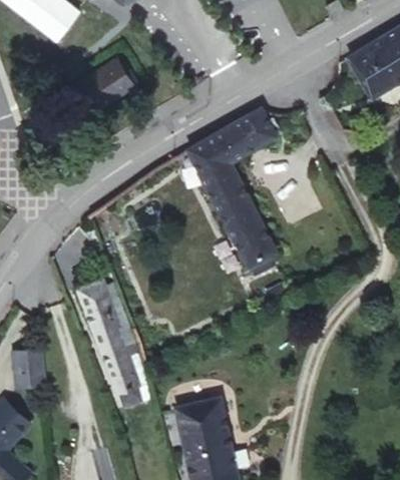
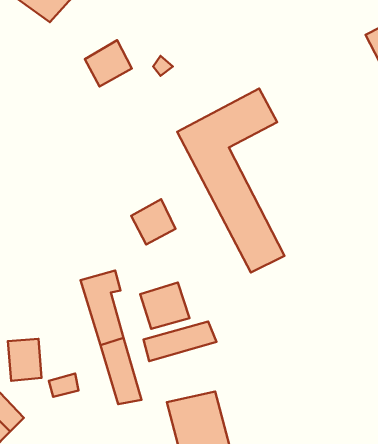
building: none -> [131,199,176,245]
building: none -> [140,283,190,329]
building: none -> [144,322,217,361]

